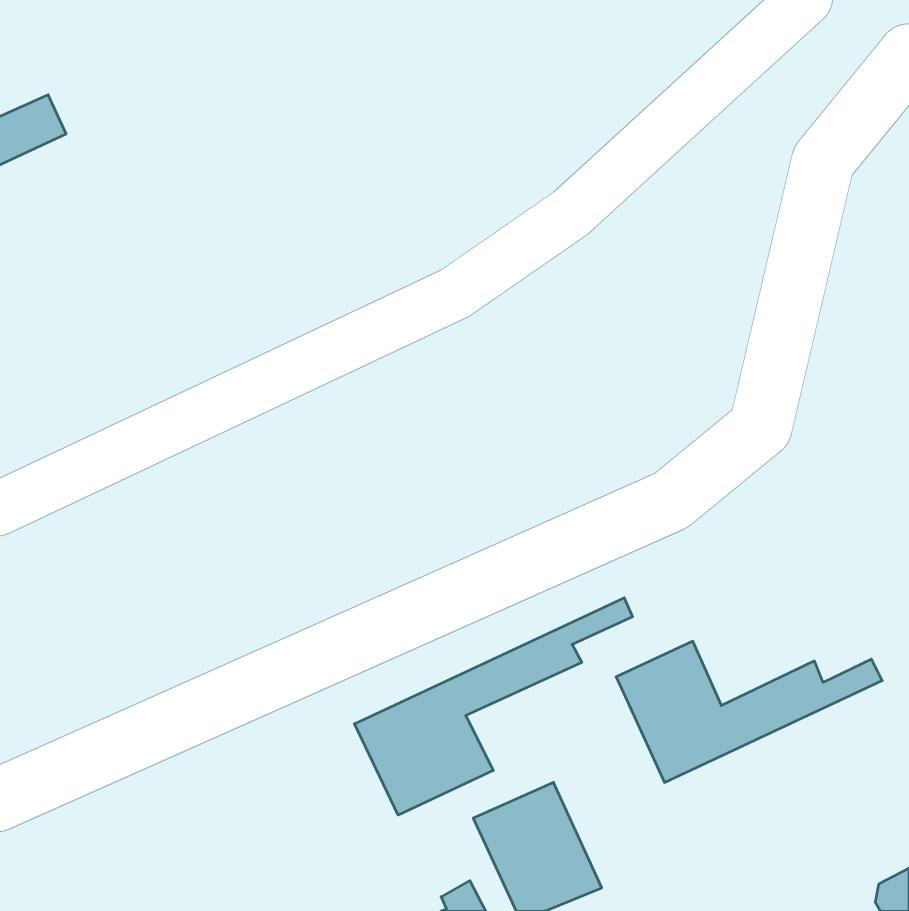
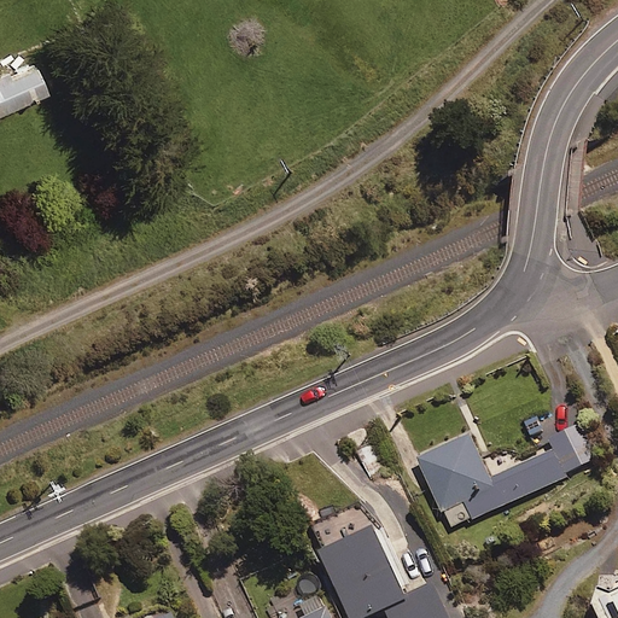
building: [354,598,632,815] -> none

